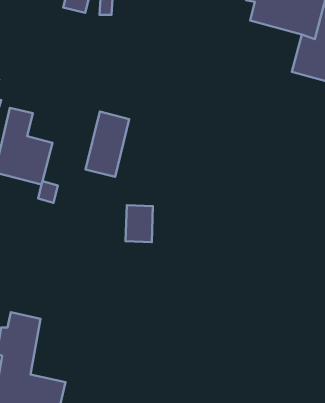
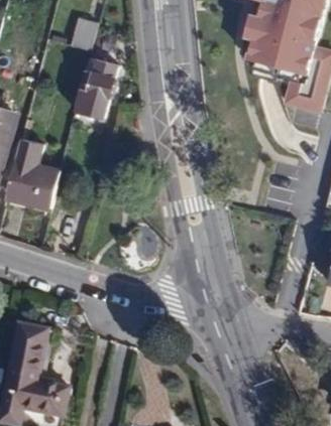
building: [85,111,129,177] -> [75,57,115,118]

